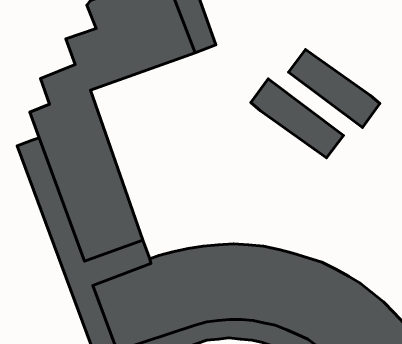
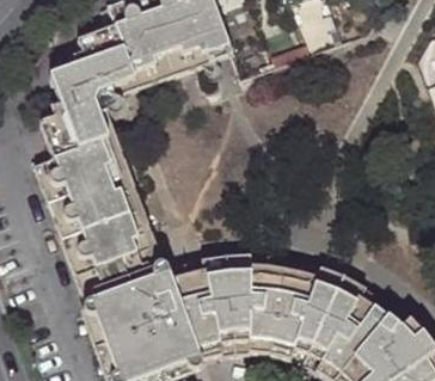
building: [289,50,380,127] -> none
building: [251,79,344,158] -> none

